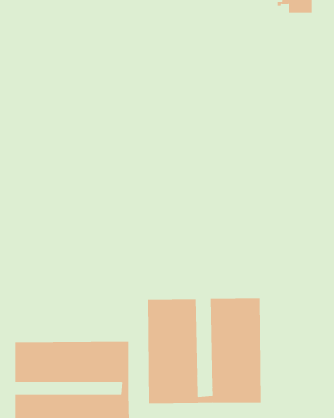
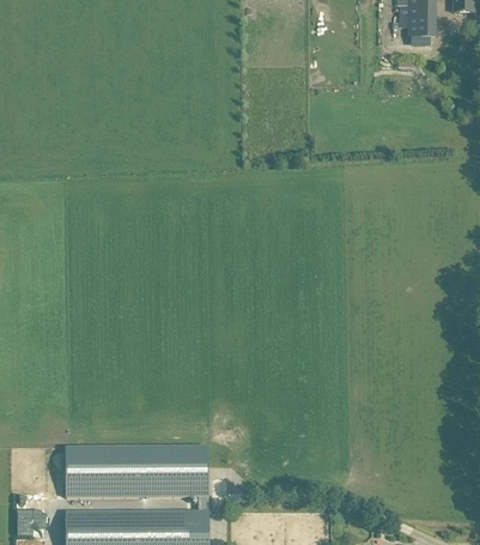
building: [147,297,261,404] -> none

